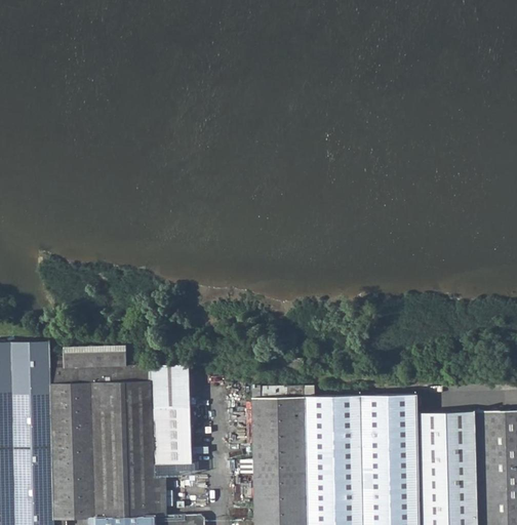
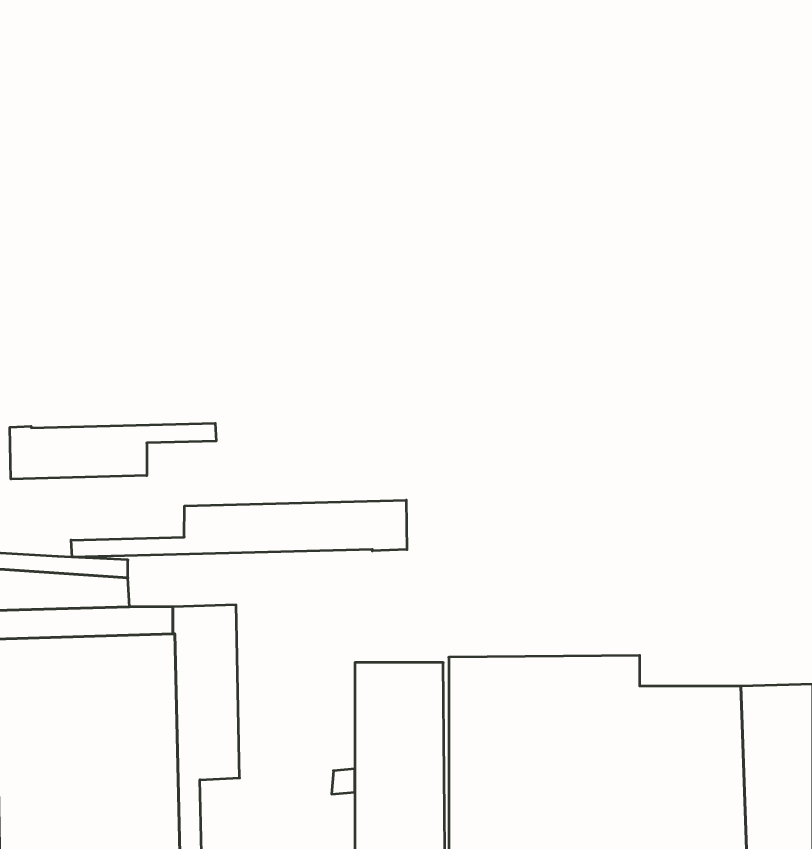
building: none -> [10,423,216,479]
building: none -> [71,500,407,557]

